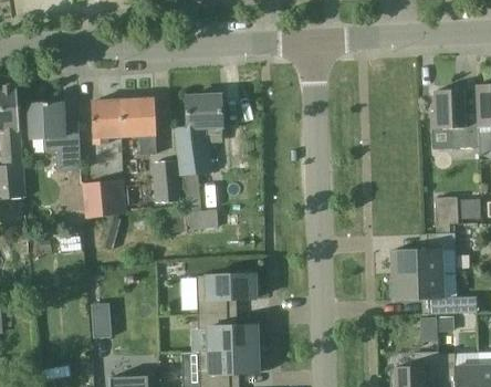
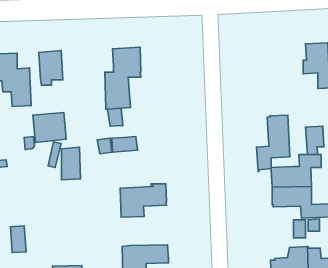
building: [119,97,156,154] -> none
building: [153,159,177,201] -> [62,147,81,180]
building: none -> [257,115,290,172]
building: [91,302,111,336] -> [11,226,26,253]
building: [197,312,257,349] -> none

